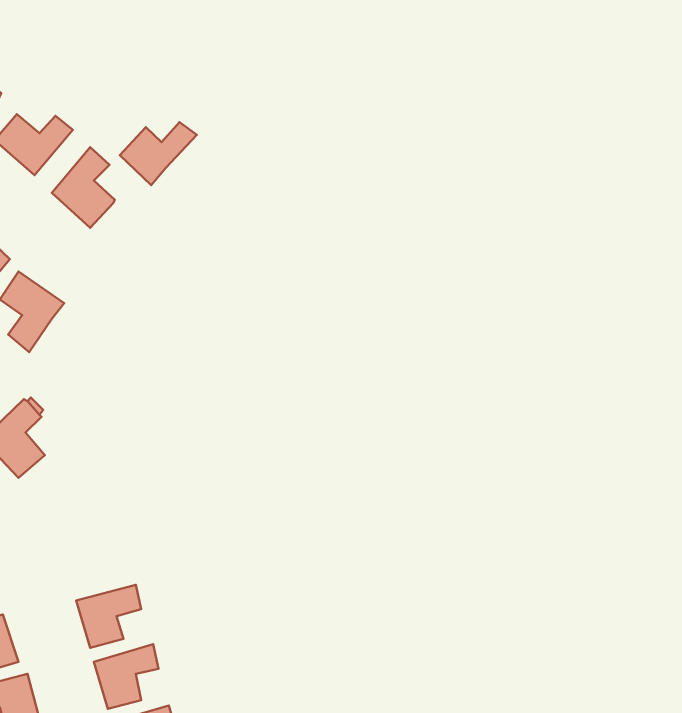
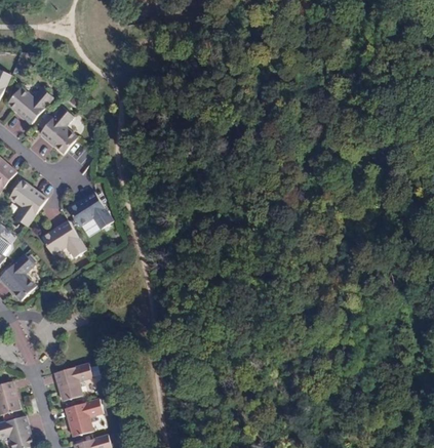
building: [120,122,197,185] -> none
building: none -> [67,192,113,229]
building: none -> [41,220,86,257]

